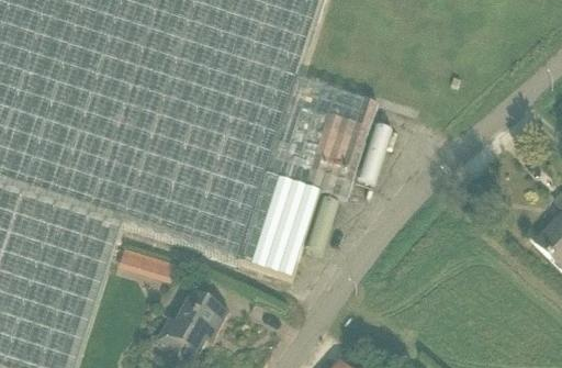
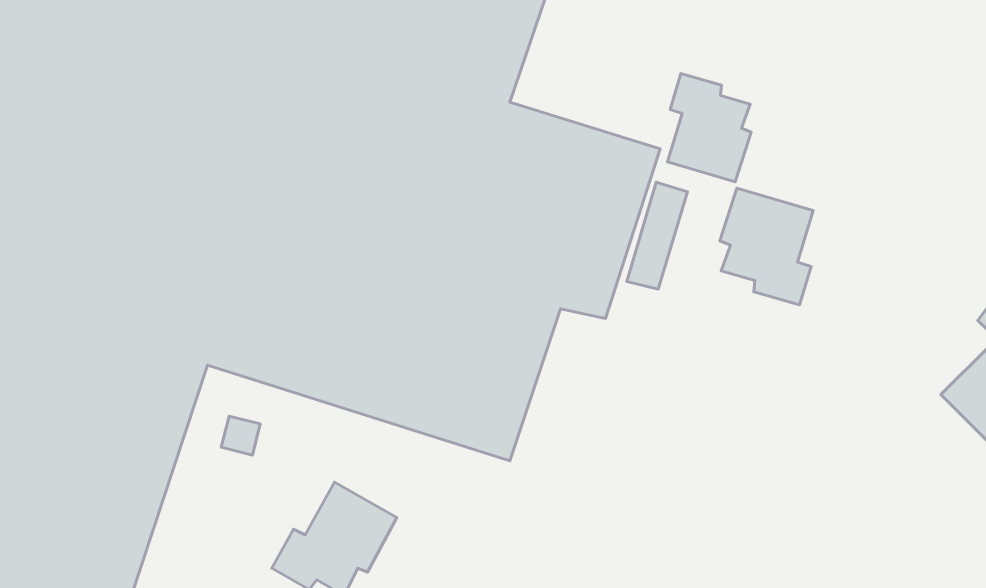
building: none -> [668,74,751,182]
building: none -> [720,188,813,305]

